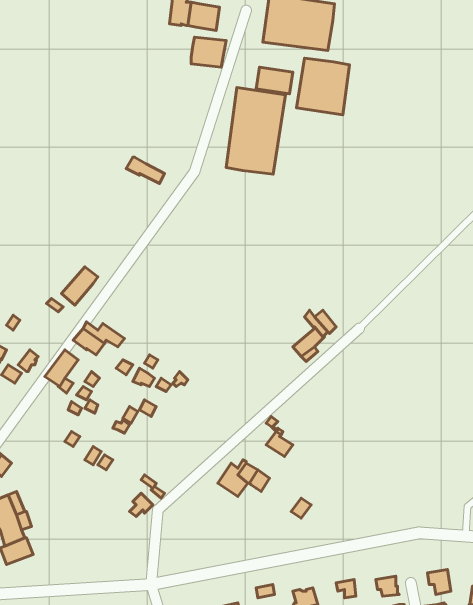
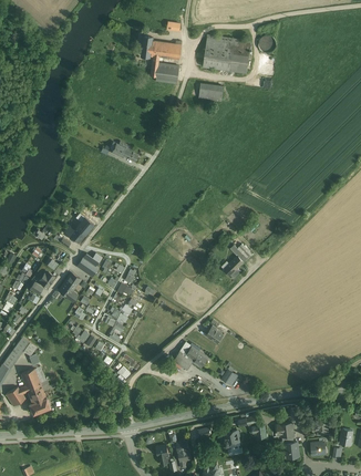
building: [296,58,349,115] -> none
building: [226,88,286,174] -> none

